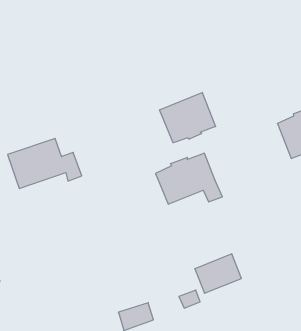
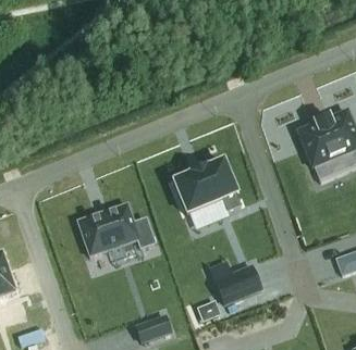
building: [160,92,216,143] -> none
building: [8,139,82,188] -> [78,207,155,258]

